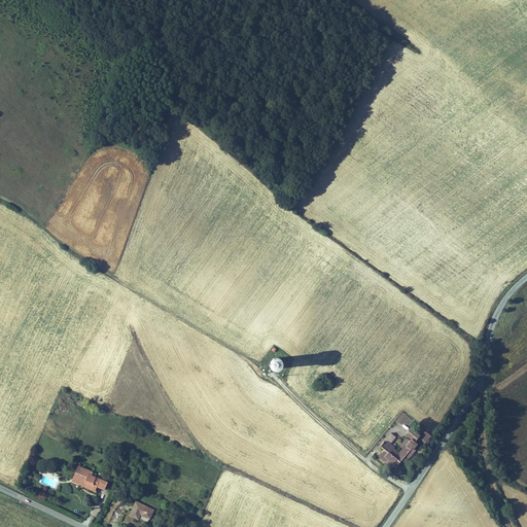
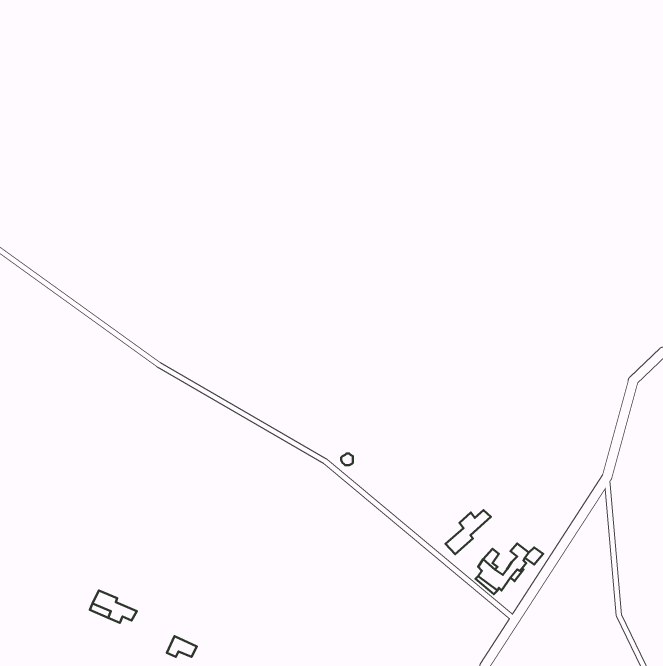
building: none -> [446,510,491,554]

